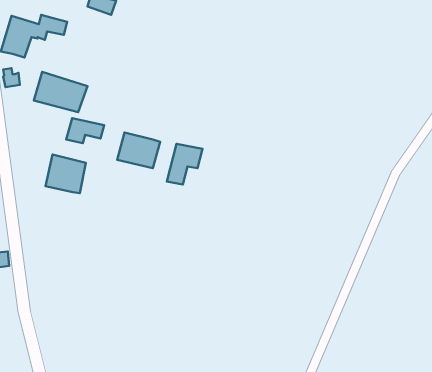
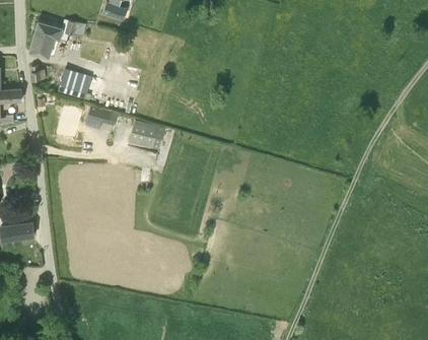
building: [167,144,203,185] -> none
building: [46,155,86,193] -> none

